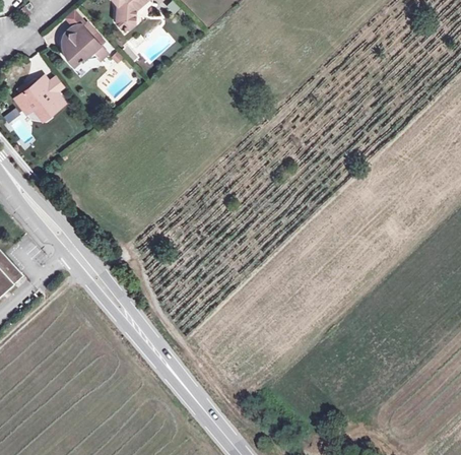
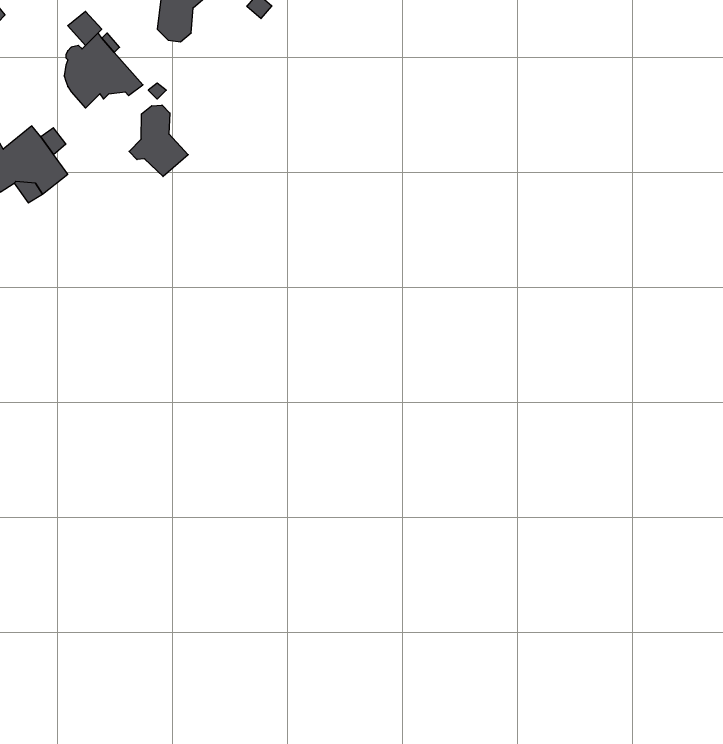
building: none -> [129,105,188,177]

